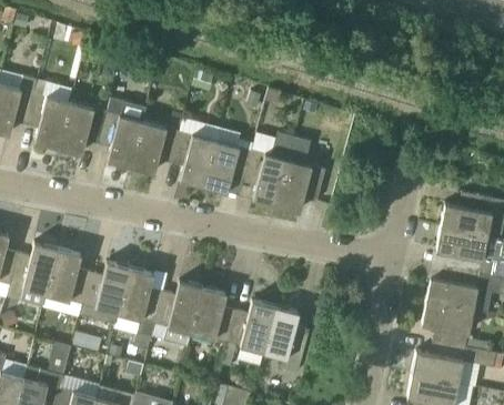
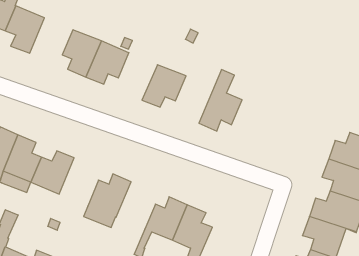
building: [60,102,109,154] -> none
building: [172,131,218,186] -> none
building: [245,132,296,205] -> none
building: [119,267,164,337] -> none
building: [192,287,238,343] -> none

